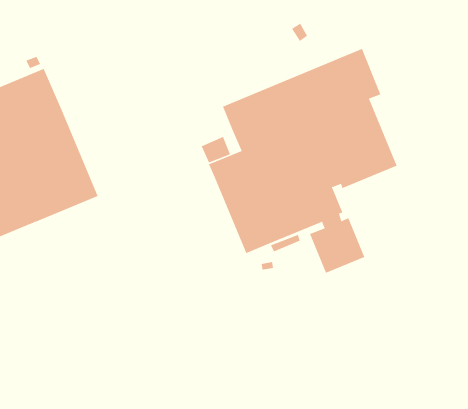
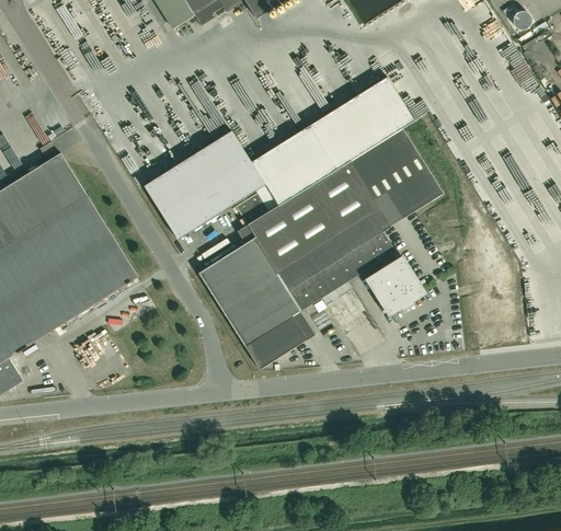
building: none -> [142,130,264,240]
building: none -> [197,238,314,369]

